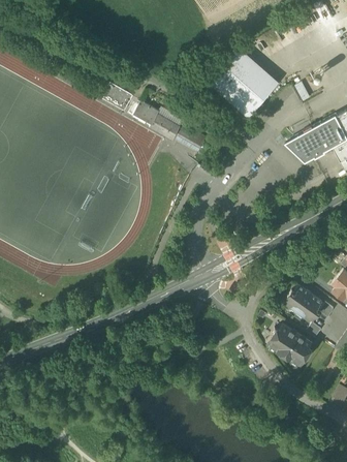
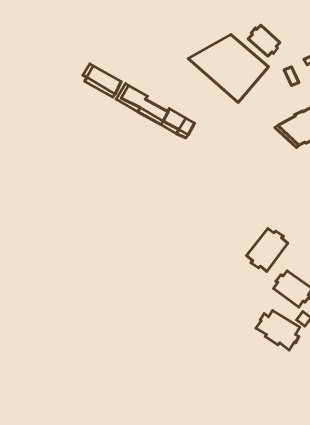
building: none -> [248,25,280,56]
building: none -> [246,229,288,271]

